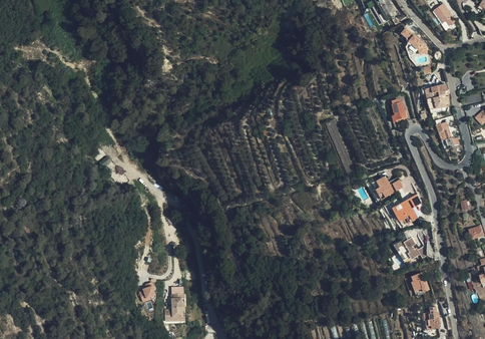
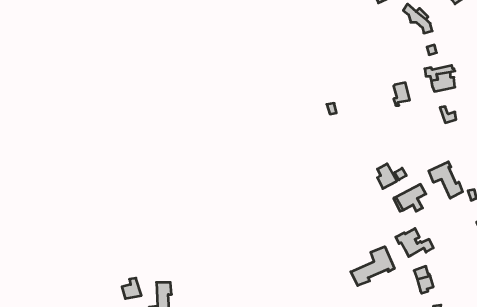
building: none -> [429,162,463,198]
building: none -> [351,247,394,286]

